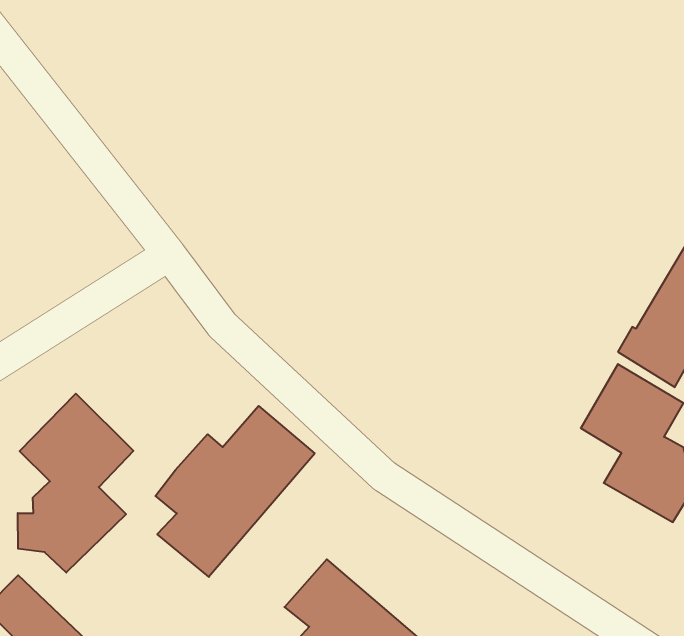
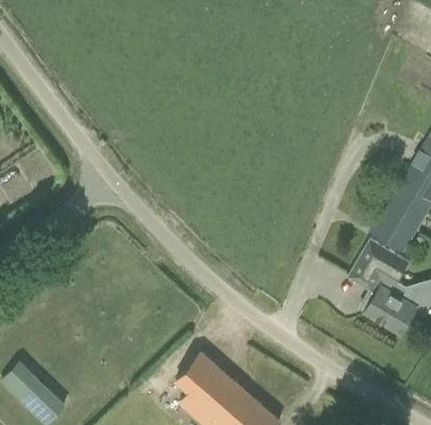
building: [18,394,133,573] -> none
building: [155,406,315,577] -> none

